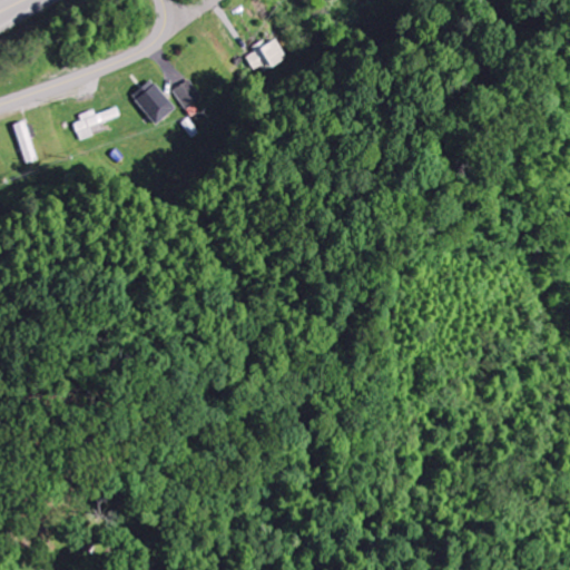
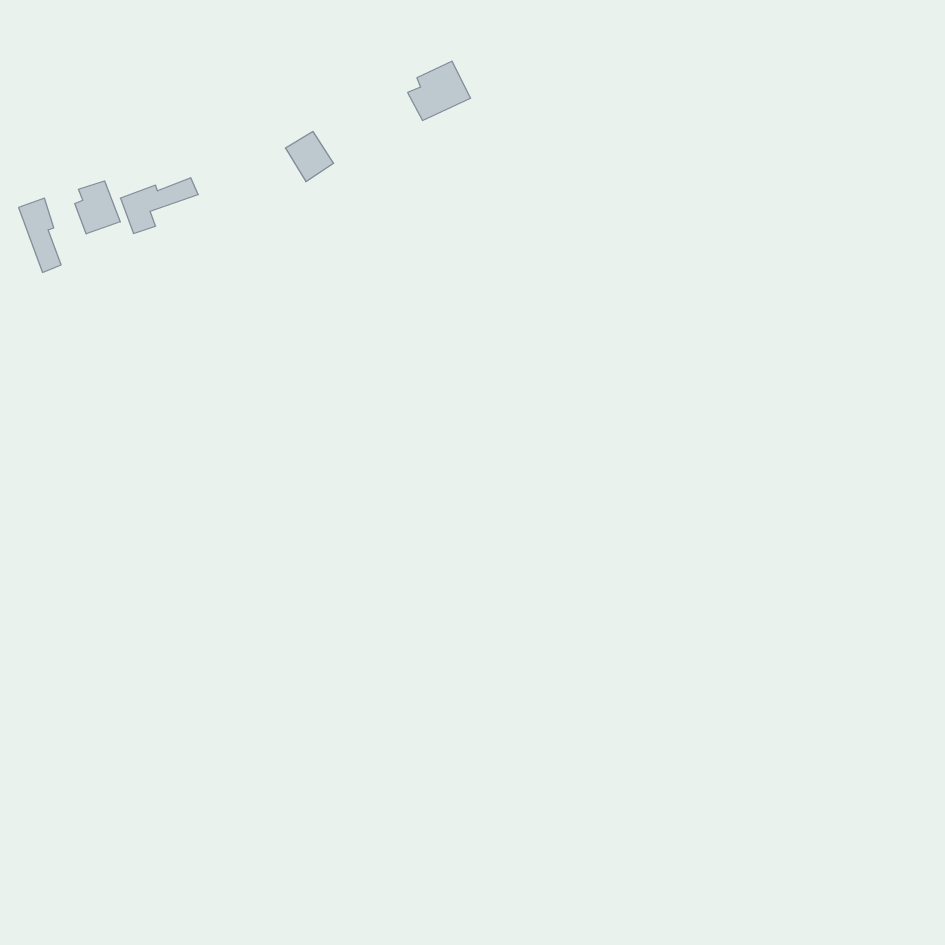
building: [130,79,174,125] -> none
building: none -> [75,181,120,234]

